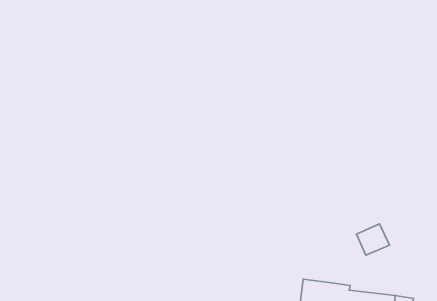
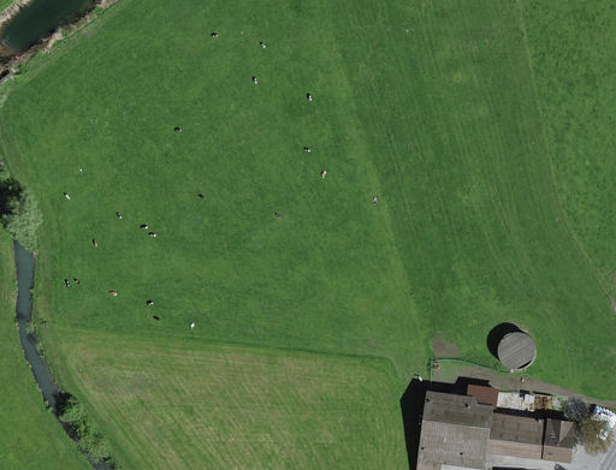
building: none -> [464,383,497,409]

